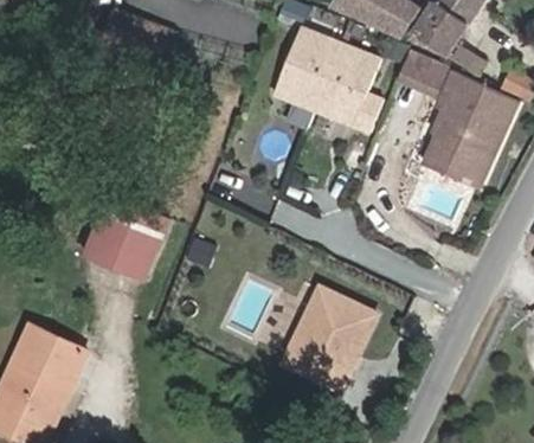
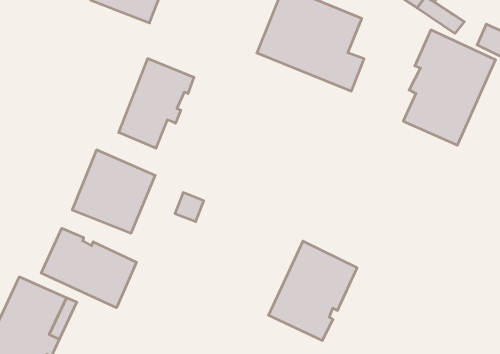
building: [398,51,446,96] -> none
building: none -> [119,59,194,148]
building: none -> [41,228,136,308]

